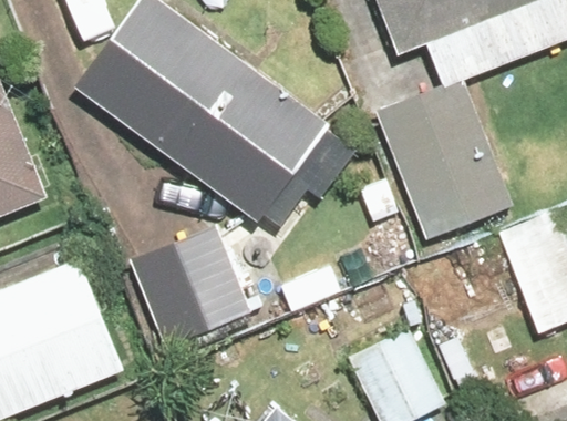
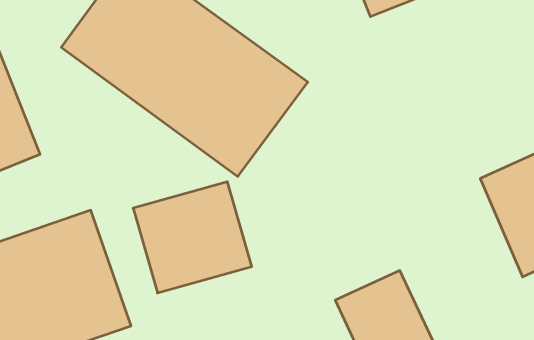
building: [377,69,522,239] -> none

